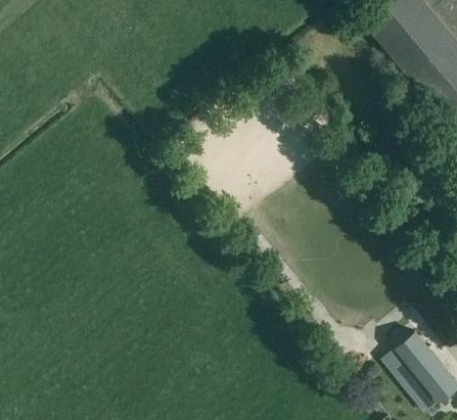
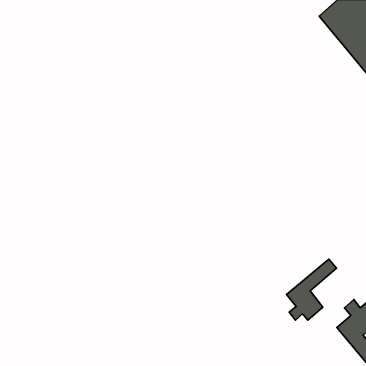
building: none -> [287,259,337,320]

